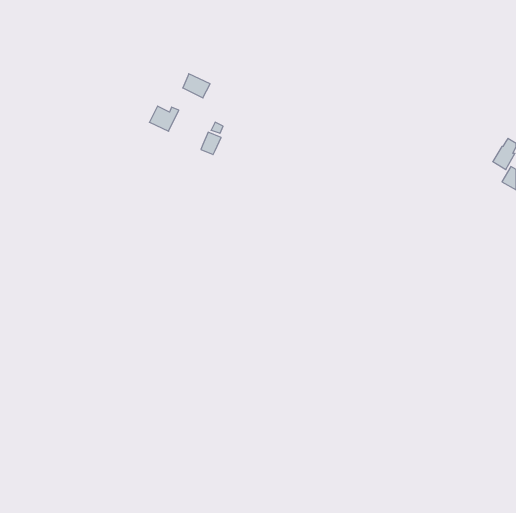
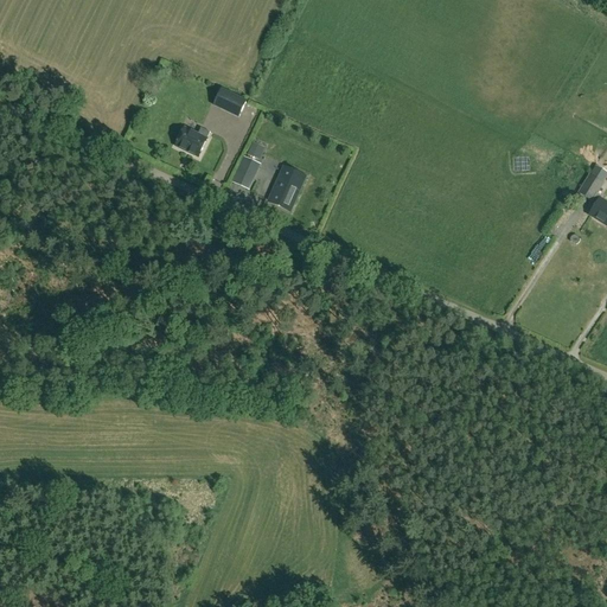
building: none -> [270,162,299,207]

